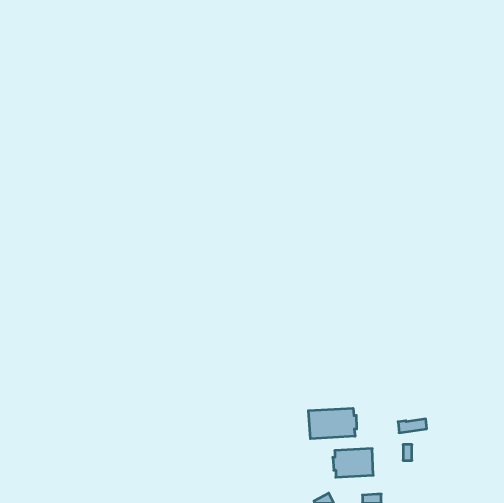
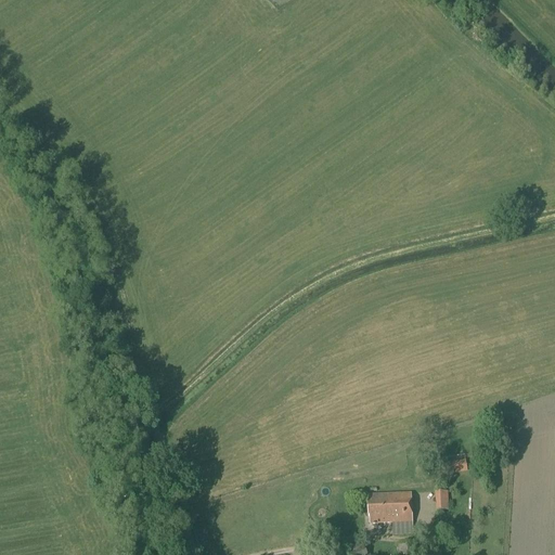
building: [308,408,357,439] -> none

